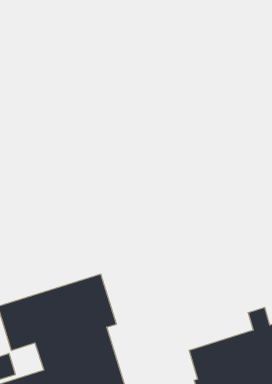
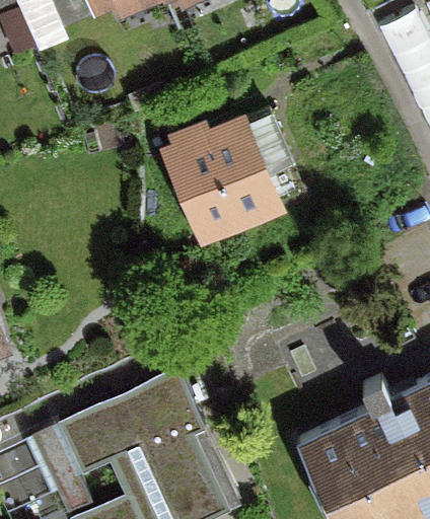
building: none -> [160,99,277,236]

